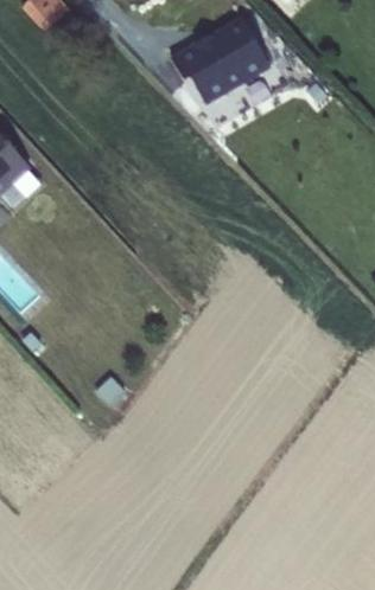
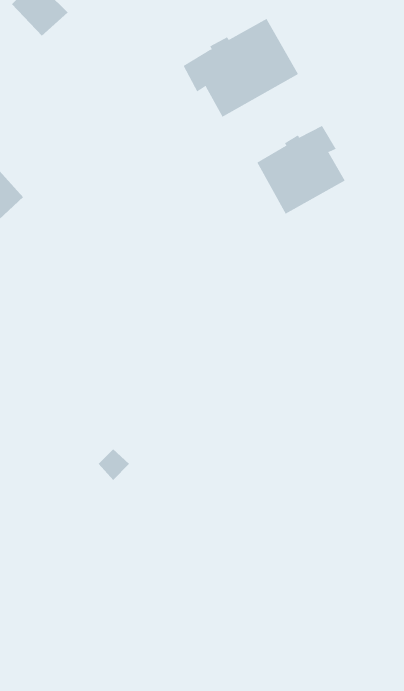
building: none -> [256,125,346,215]

